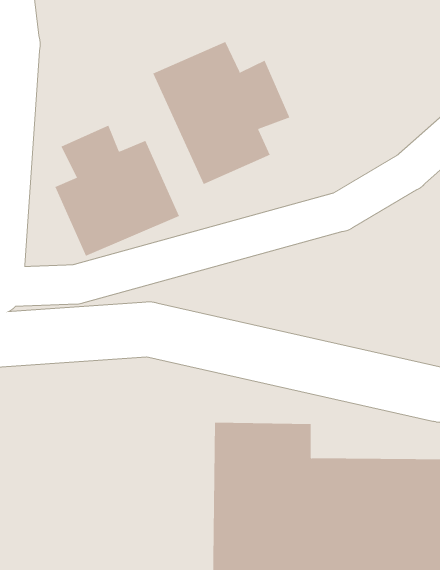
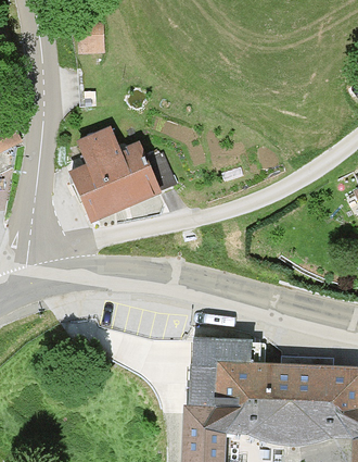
building: [152,41,290,185] -> none

